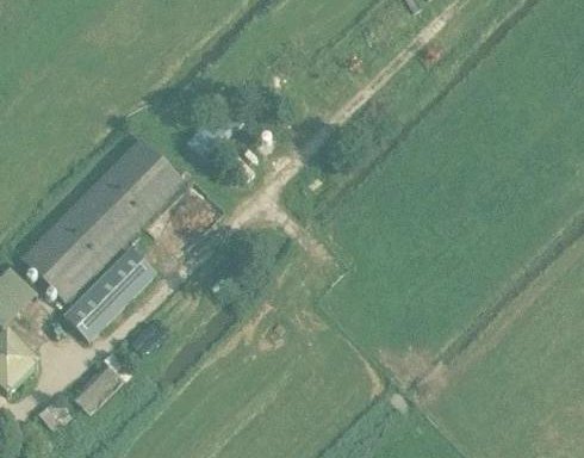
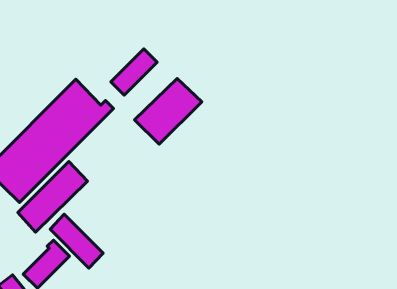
building: none -> [134,78,202,144]
building: none -> [50,214,103,268]

